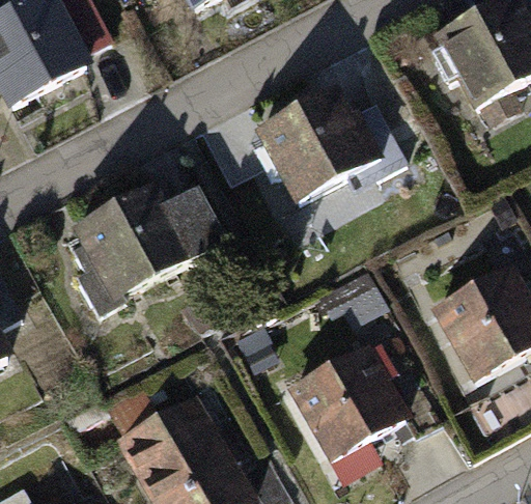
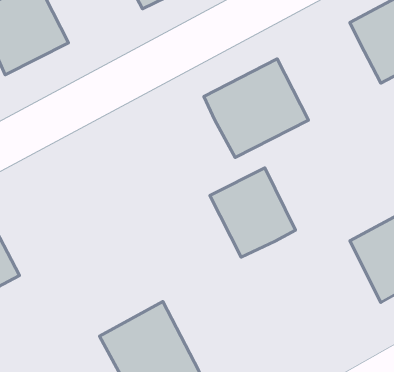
building: [94,173,223,295] -> none
building: none -> [210,168,296,257]
building: [298,339,427,460] -> none

